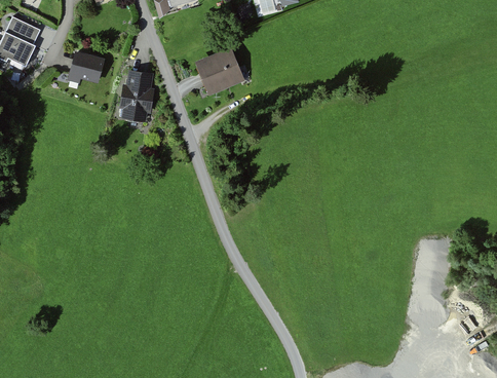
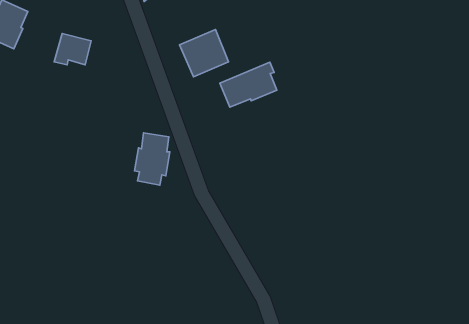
building: [118,68,154,121] -> [135,133,170,185]
building: none -> [220,62,277,107]

